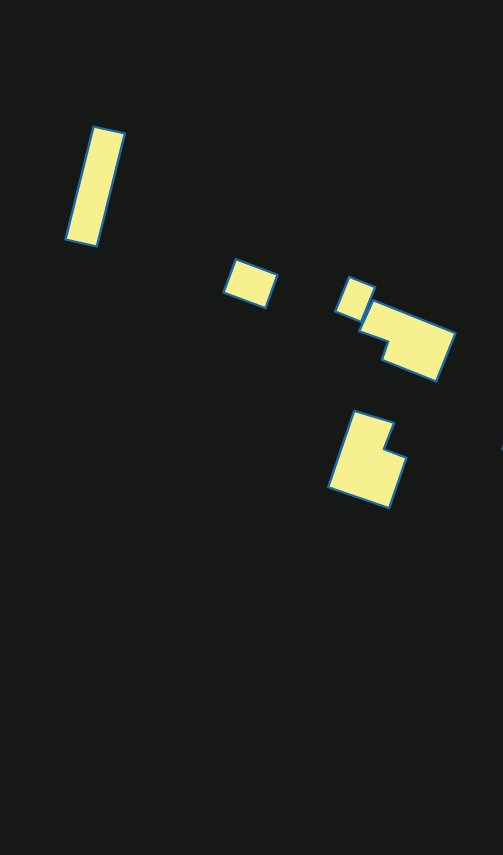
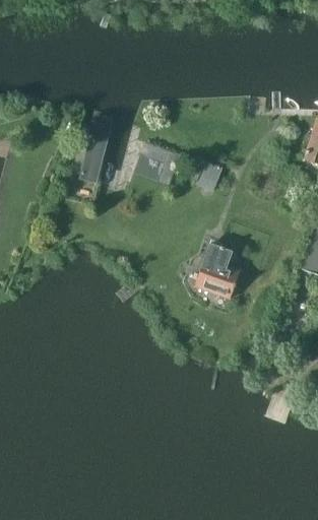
building: [66,126,125,247] -> [79,113,114,183]
building: [359,300,455,382] -> none

